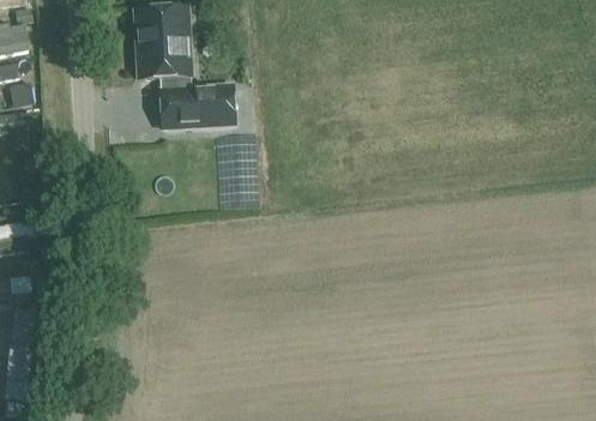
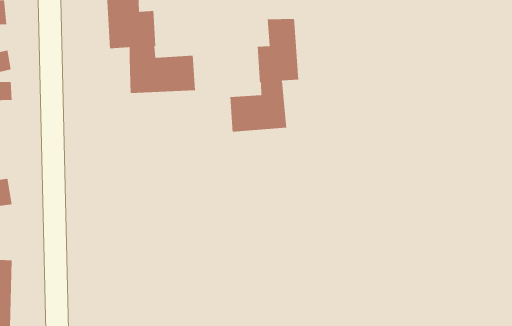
building: none -> [230,18,299,133]

